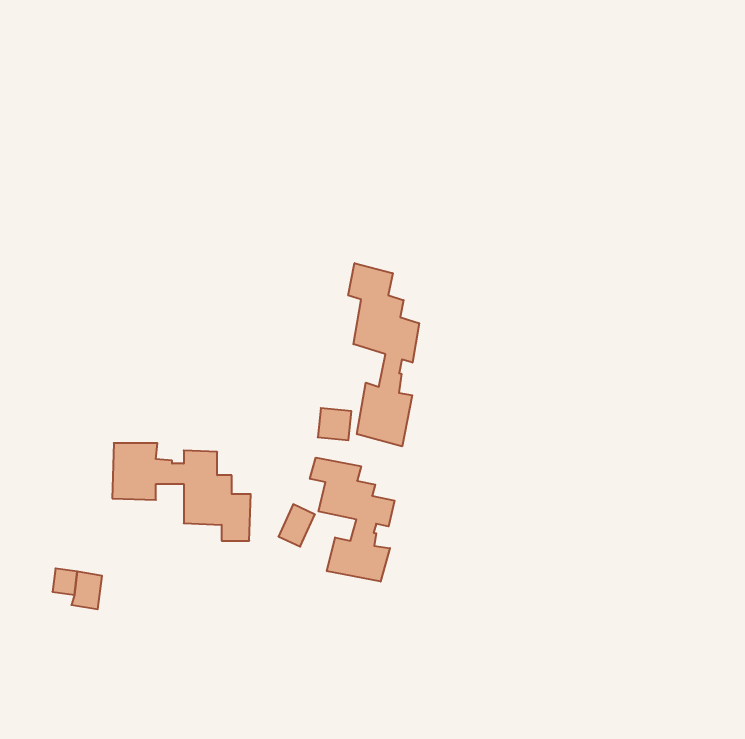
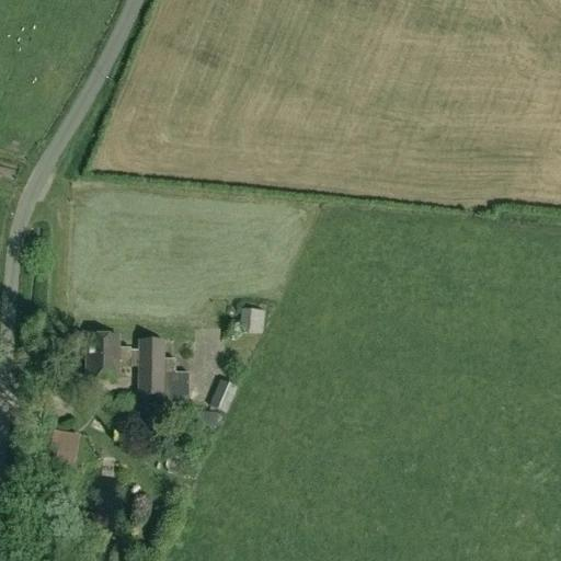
building: [348,263,419,446] -> none
building: [310,458,395,582] -> none

